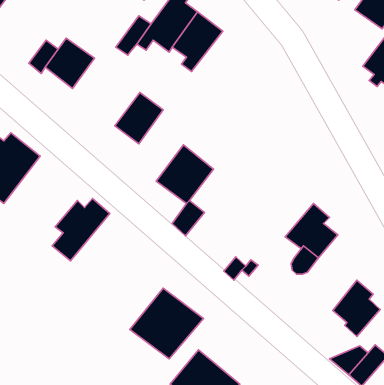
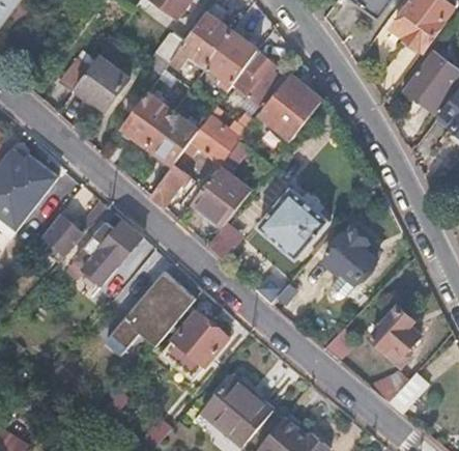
building: none -> [232,53,278,106]
building: none -> [258,74,319,138]
building: none -> [121,93,172,147]
building: none -> [148,116,237,208]
building: none -> [258,189,327,258]
building: none -> [42,201,110,256]
building: none -> [104,272,194,355]

